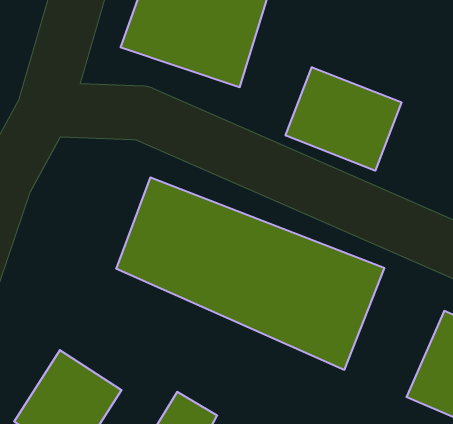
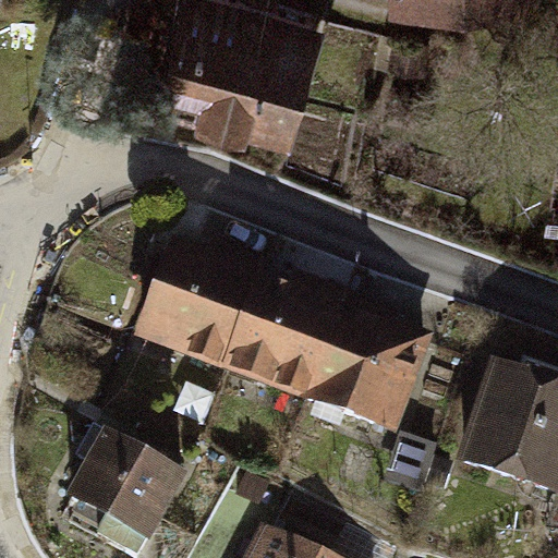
building: [286,67,402,171] -> none

